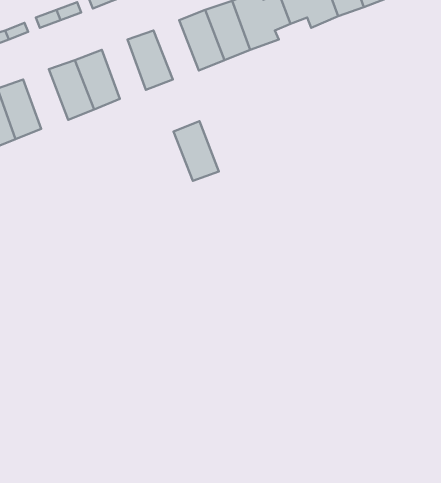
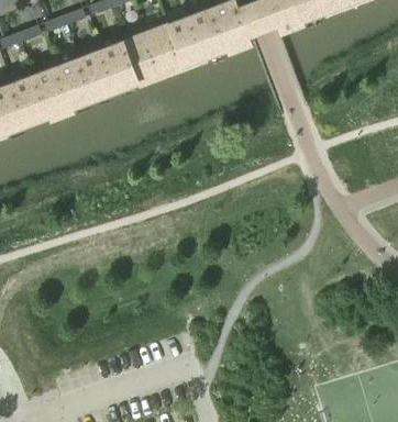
building: none -> [102,40,140,90]
building: none -> [35,65,74,115]
building: [174,121,219,181] -> [146,23,185,74]

